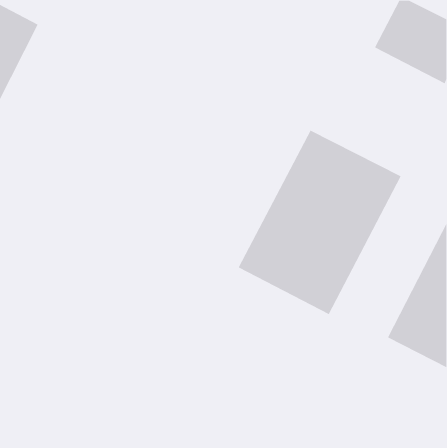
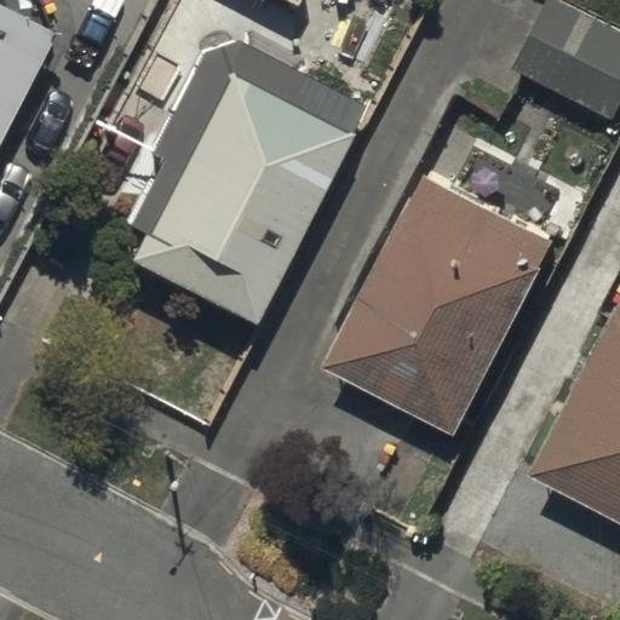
building: none -> [127,78,346,325]

